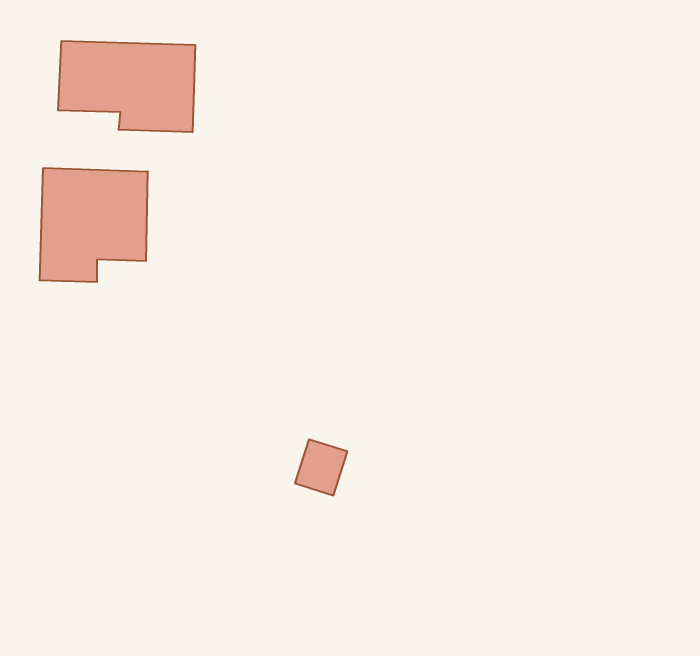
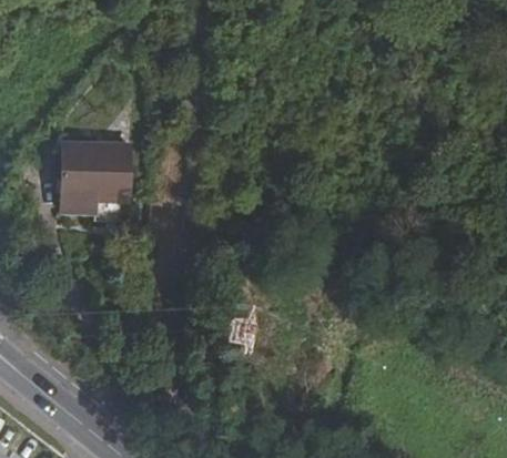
building: [58,41,195,132] -> none

